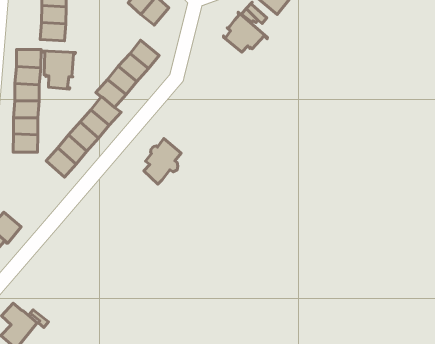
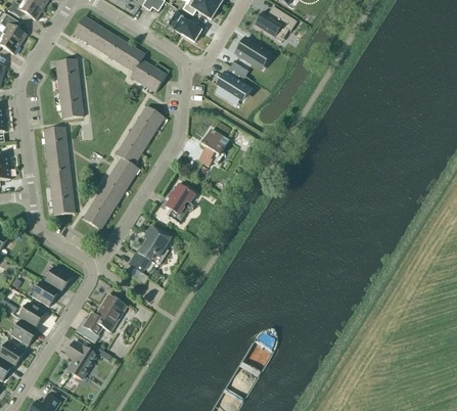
building: [41,51,76,89] -> none
building: none -> [198,129,229,166]
building: none -> [129,224,171,272]
building: none -> [84,294,126,341]

